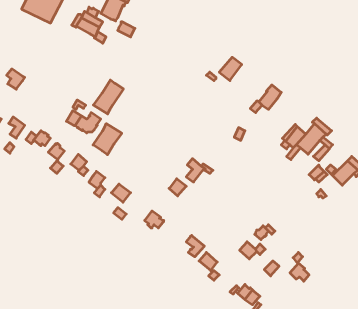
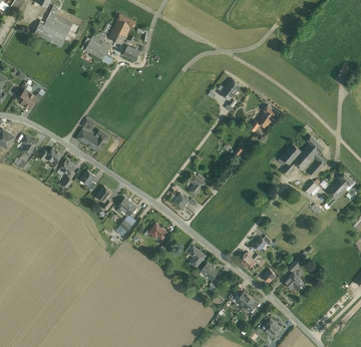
building: [93,80,123,114] -> none
building: [93,124,122,155] -> none

